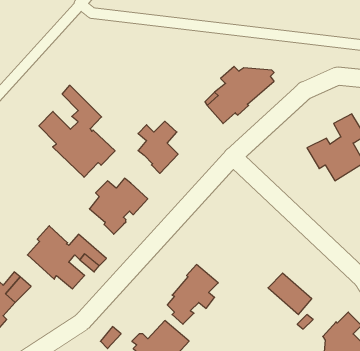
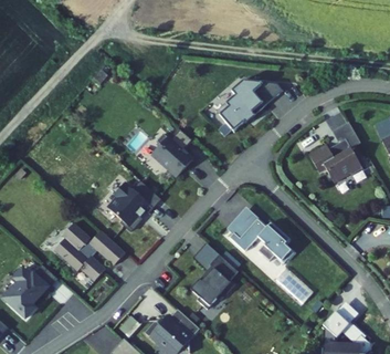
building: [39,85,115,177] -> none
building: none -> [228,210,292,263]

